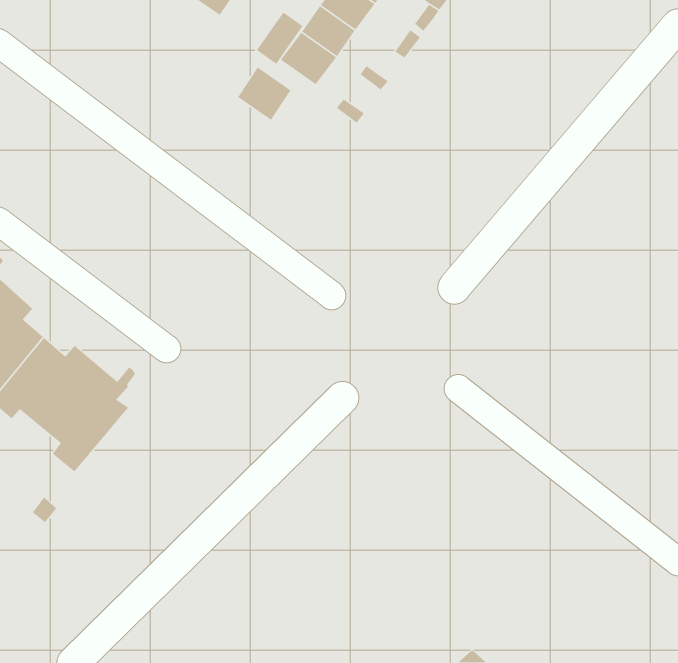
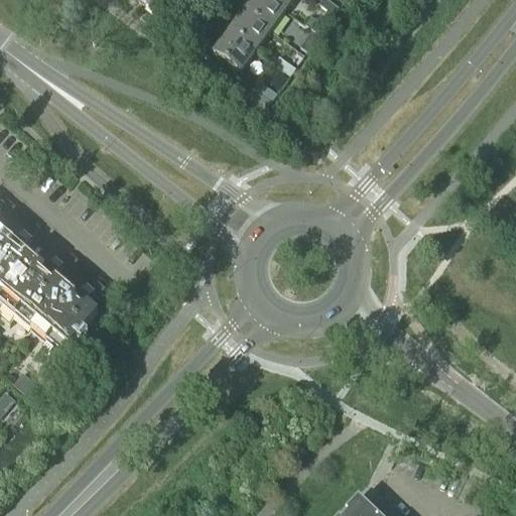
building: [256,12,304,65] -> none
building: [237,66,291,121] -> none

